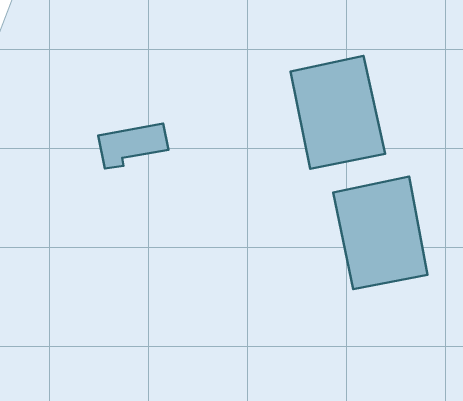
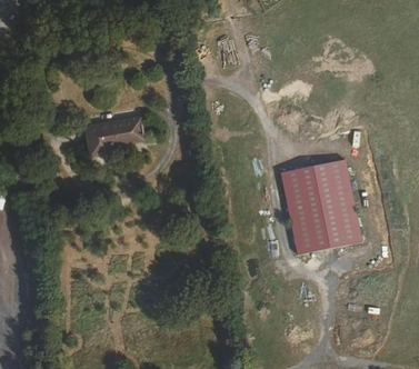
building: [290,56,385,169] -> none

